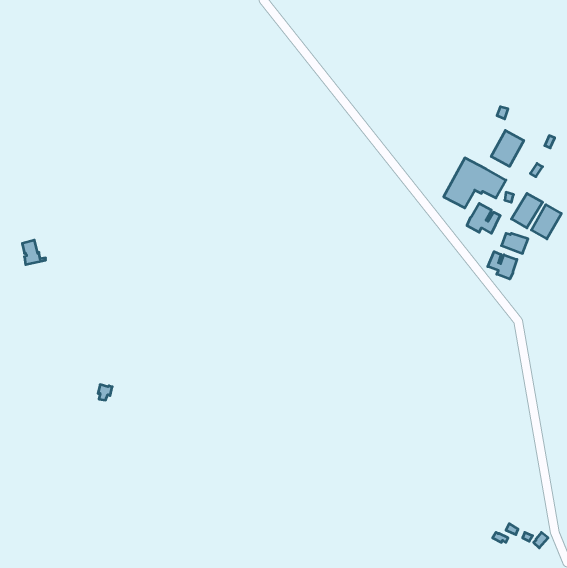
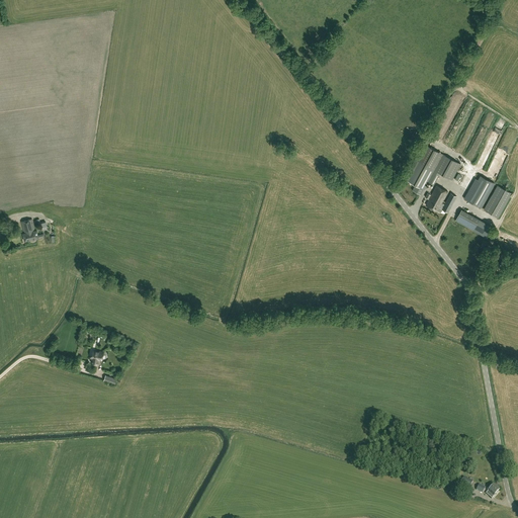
building: [491,130,524,166] -> none
building: [488,252,517,279] -> none

